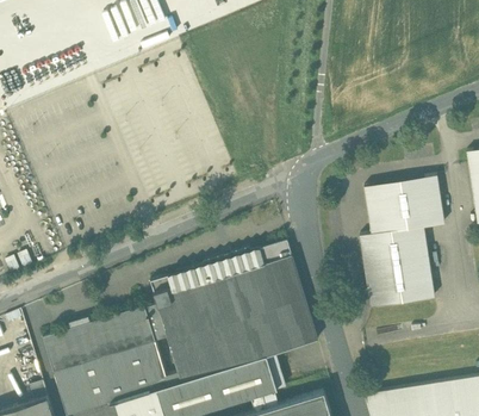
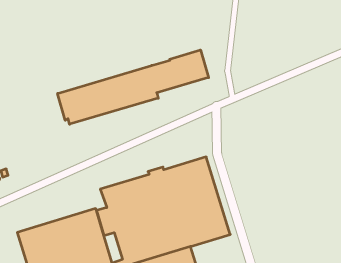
building: none -> [58,50,209,124]
building: [360,178,444,310] -> none

